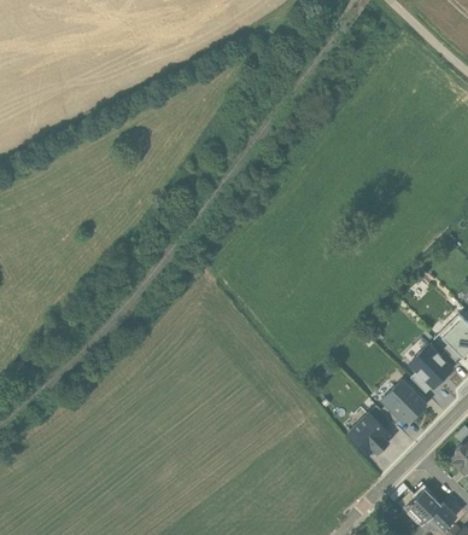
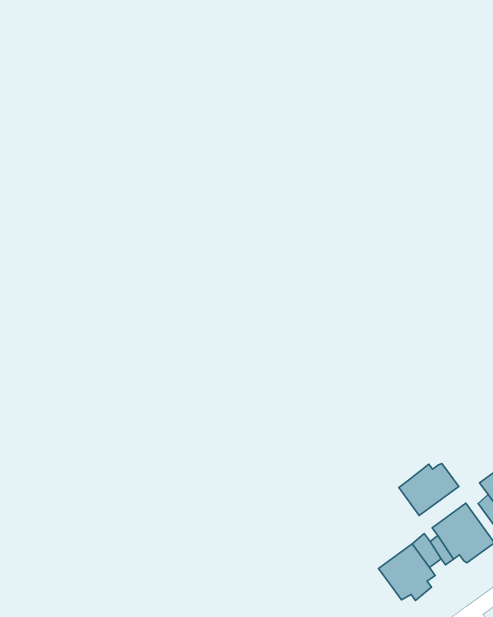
building: none -> [399,464,459,515]

